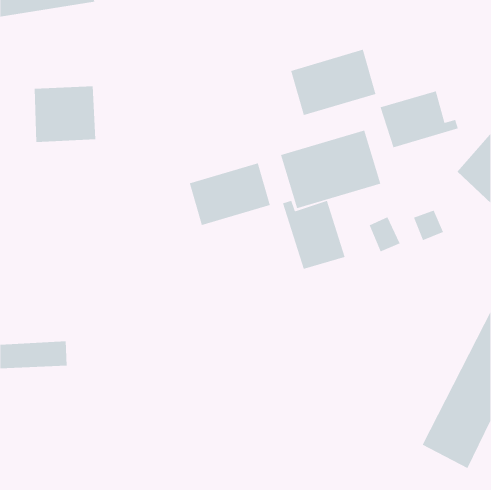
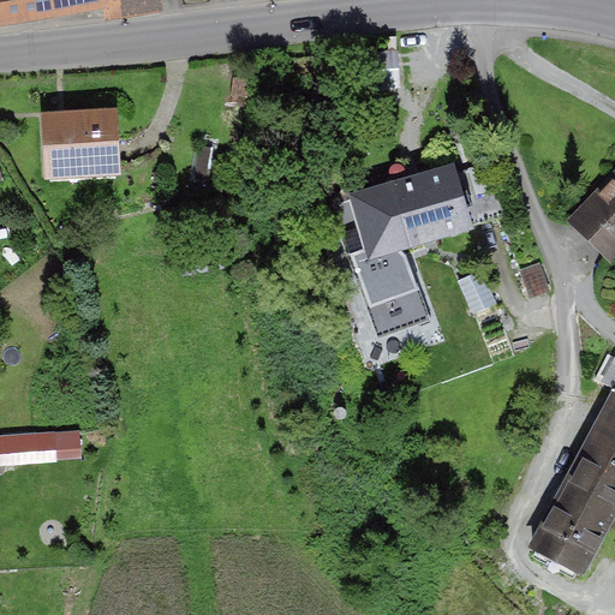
building: [291,49,376,116] -> none
building: [380,90,459,148] -> none
building: [189,163,270,226] -> none

